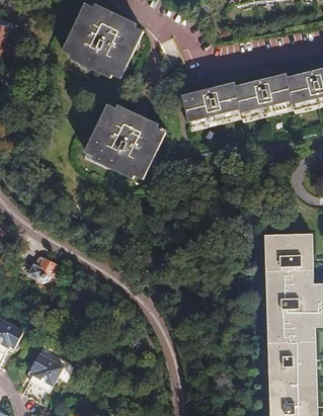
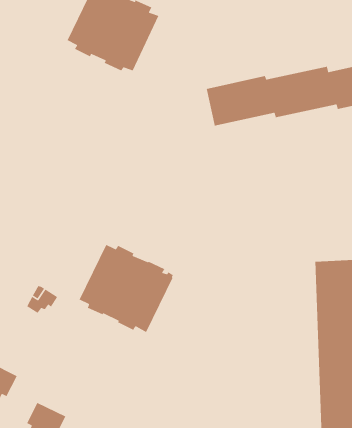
building: [82,101,163,177] -> [79,244,174,333]

